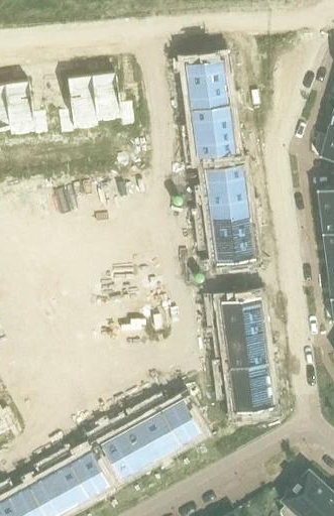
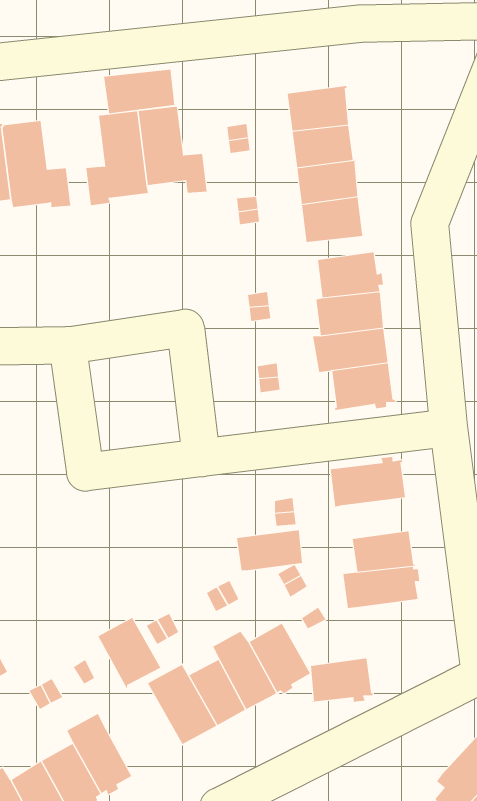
building: none -> [103,69,175,114]
building: [221,320,263,347] -> [236,530,303,571]
building: [233,385,273,413] -> [310,658,373,702]
building: [70,454,110,499] -> [98,617,161,688]

